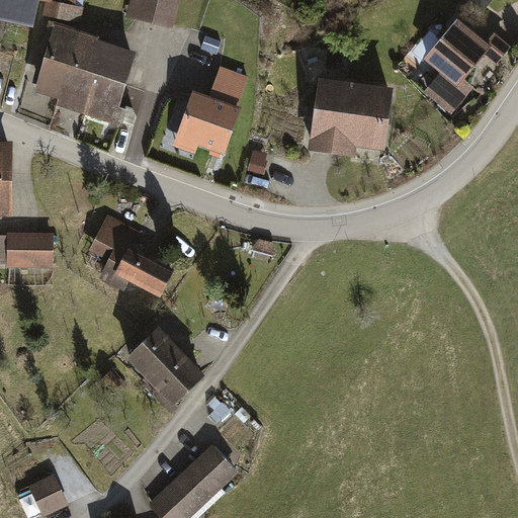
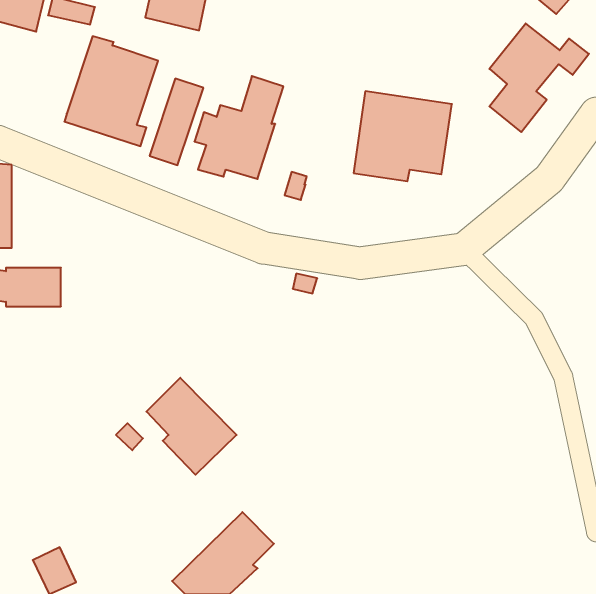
building: [33,23,80,98] -> [150,79,203,165]
building: [89,213,174,296] -> none

